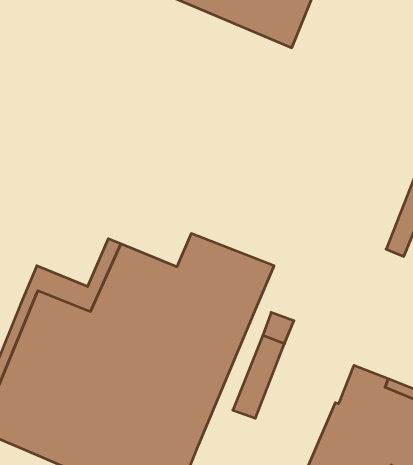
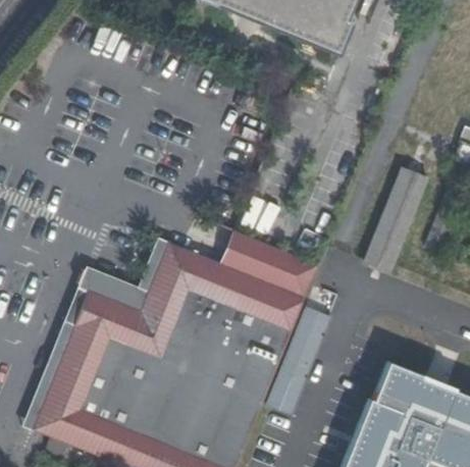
building: none -> [372,168,433,272]

